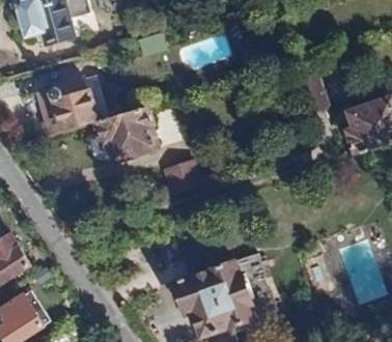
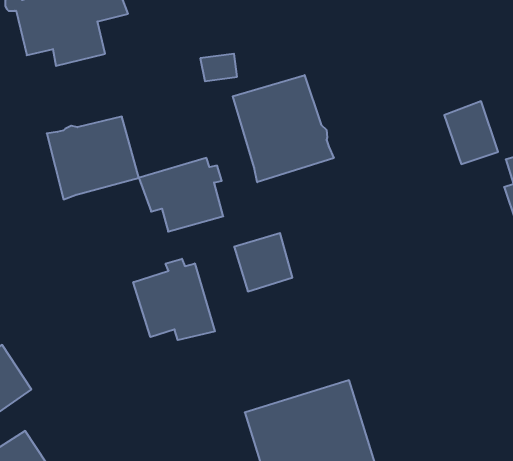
building: none -> [233,75,334,182]
building: none -> [133,259,215,340]

